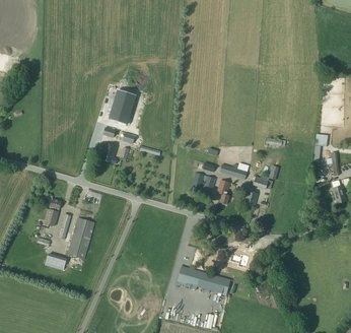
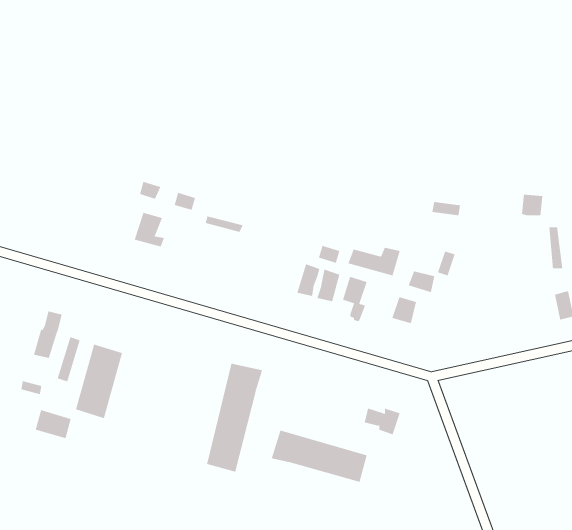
building: [109,90,136,124] -> none
building: none -> [206,363,263,472]

